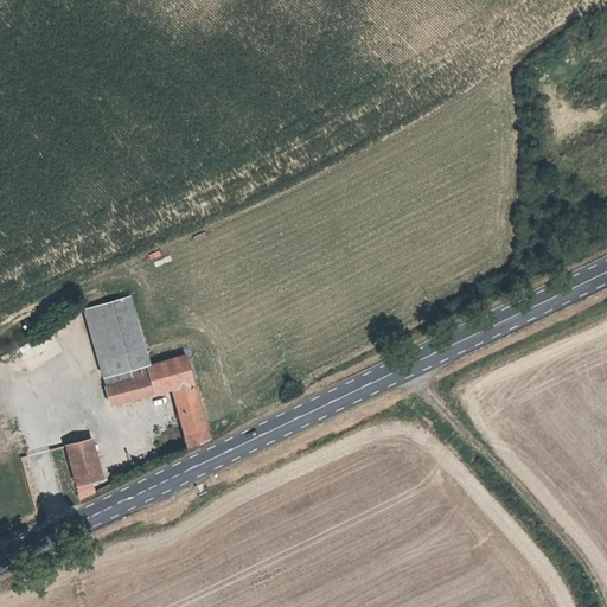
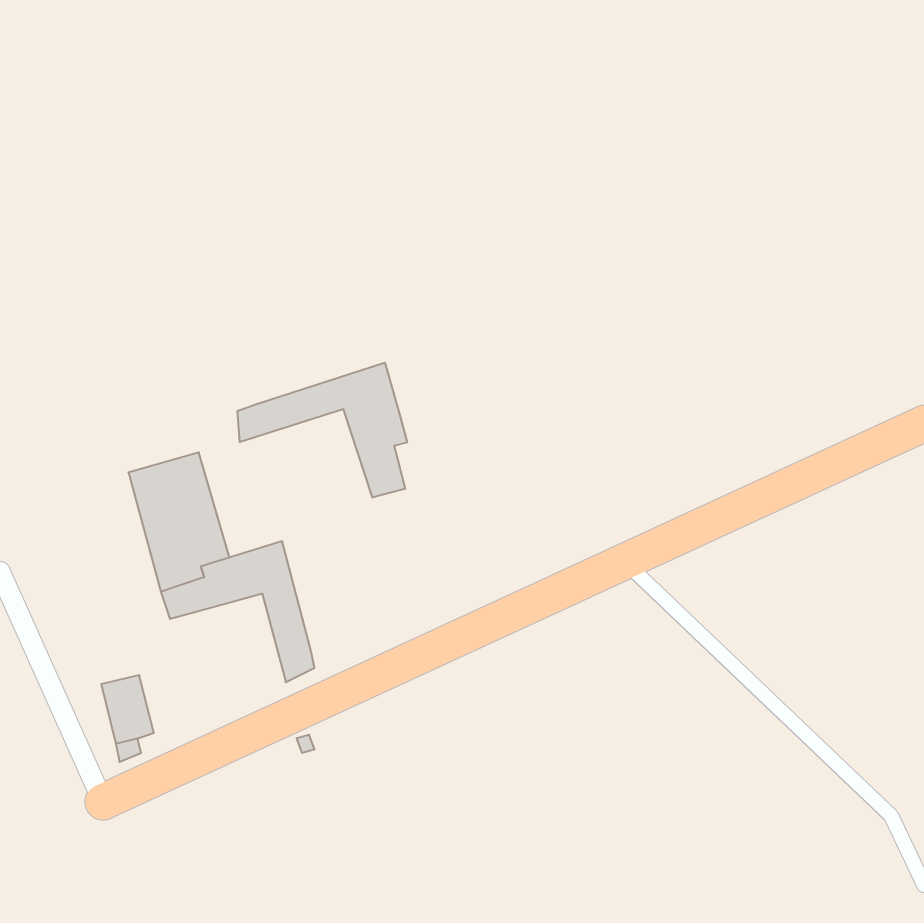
building: none -> [238,363,407,498]

